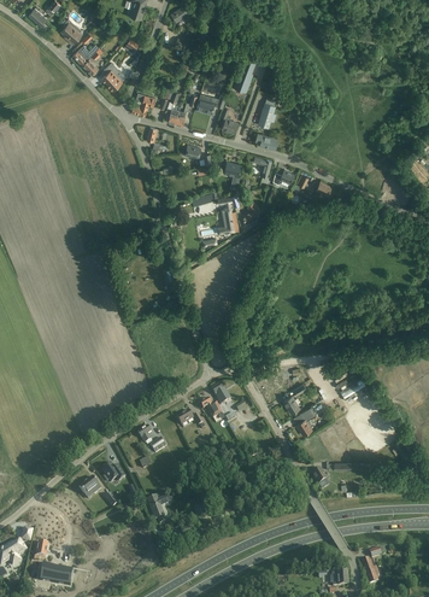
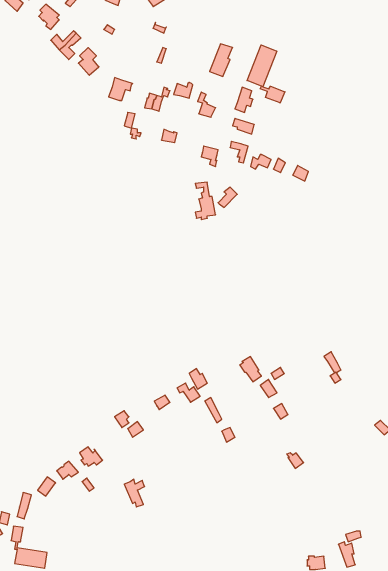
building: none -> [247,45,285,103]

